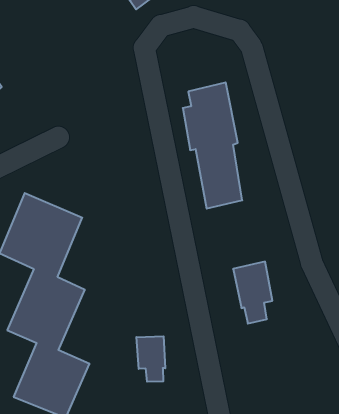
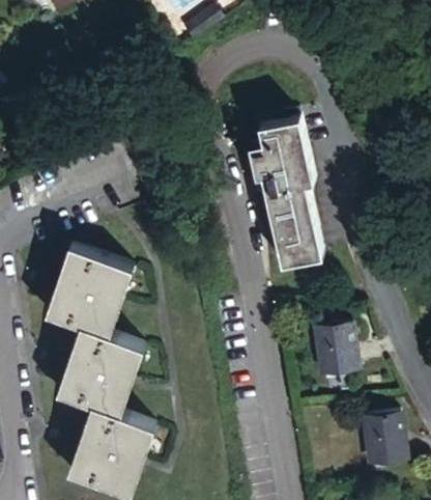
building: [136,336,165,382] -> none
building: none -> [366,412,412,471]

